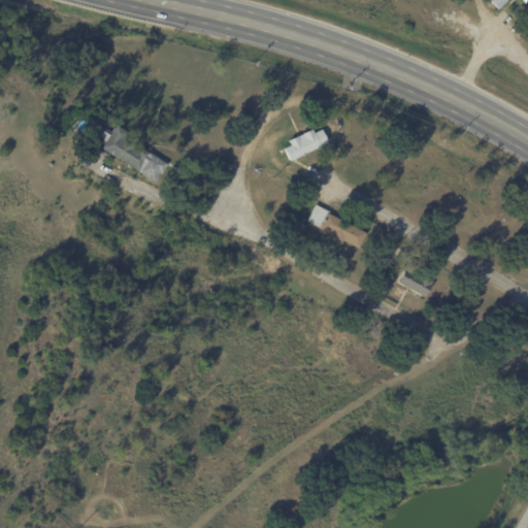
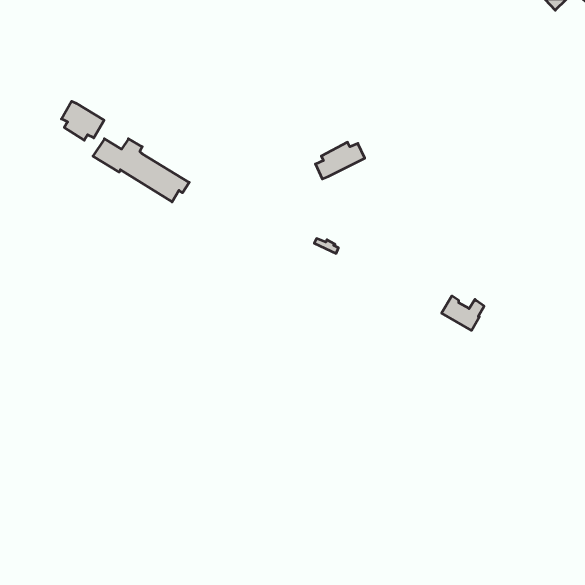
building: none -> [61,101,104,140]
building: [307,203,363,245] -> none

